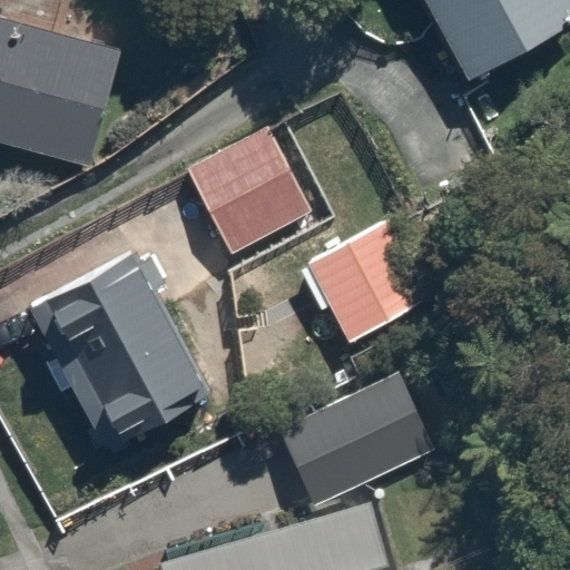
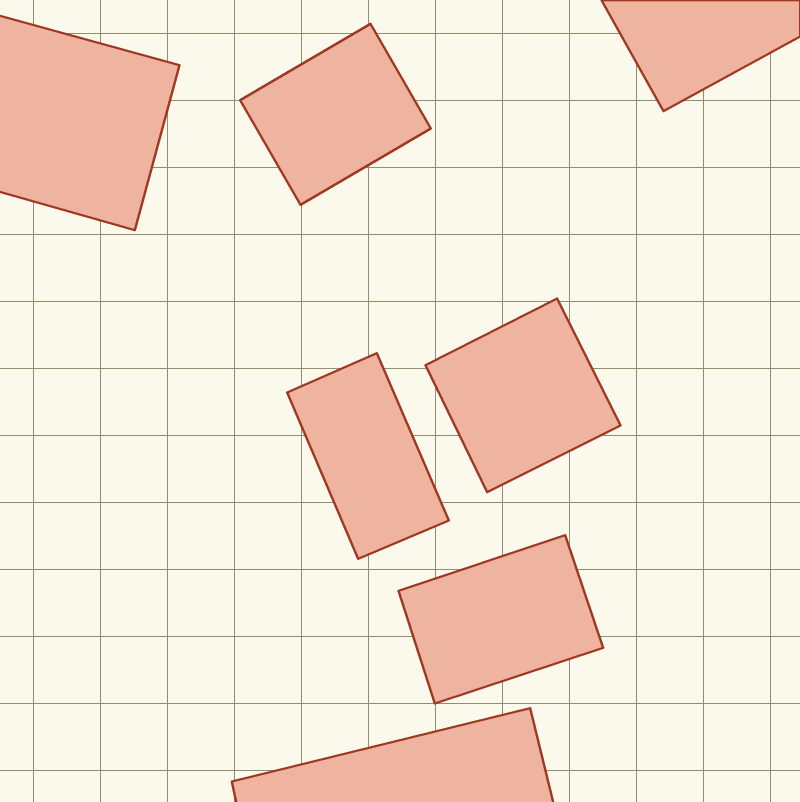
building: [180,126,314,253] -> [240,24,431,205]
building: none -> [287,353,449,559]
building: [32,255,207,440] -> none

